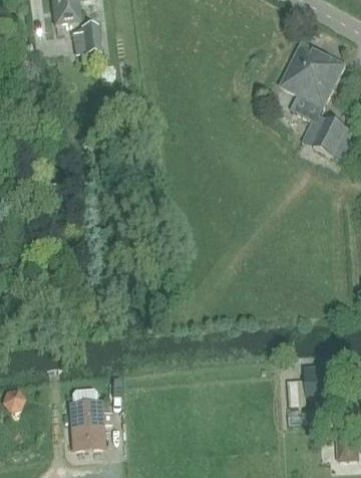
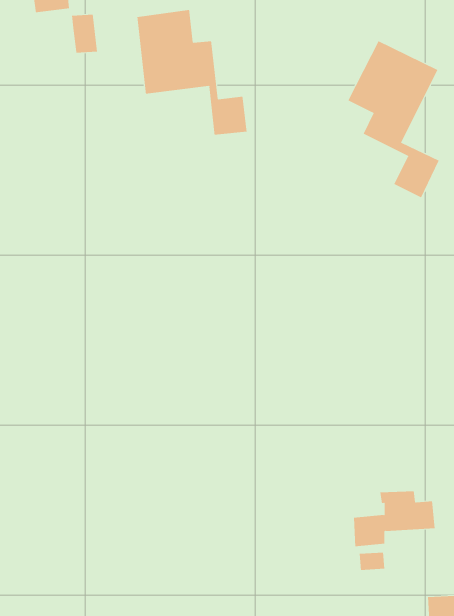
building: none -> [137,9,247,136]
building: [75,398,105,444] -> none

